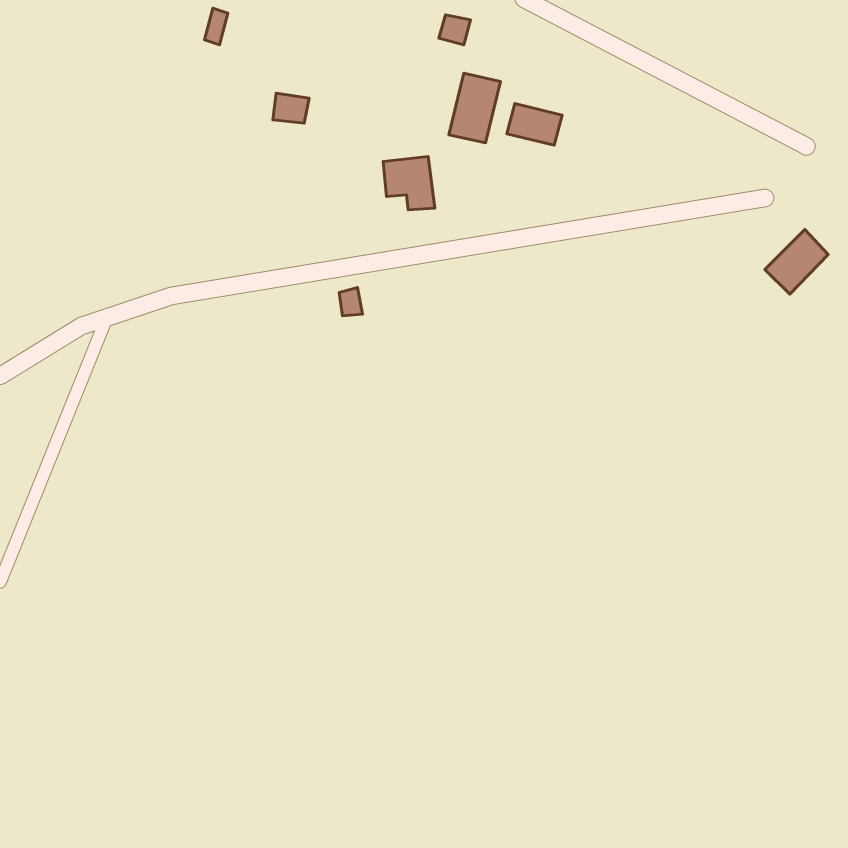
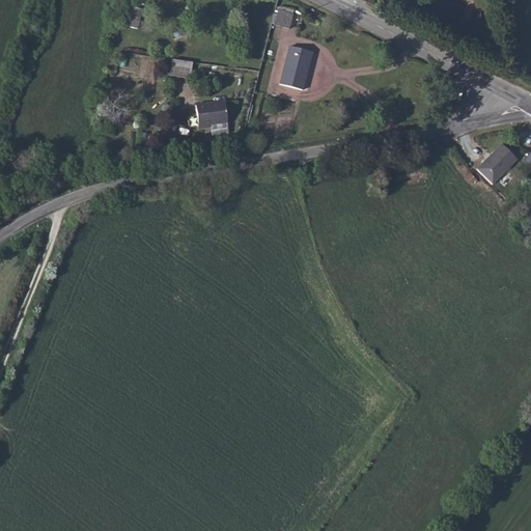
building: [507,104,562,145] -> none
building: [383,157,435,210] -> [197,101,229,134]

